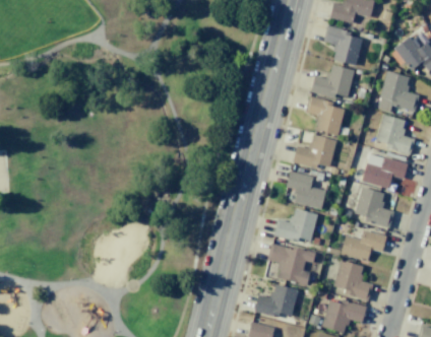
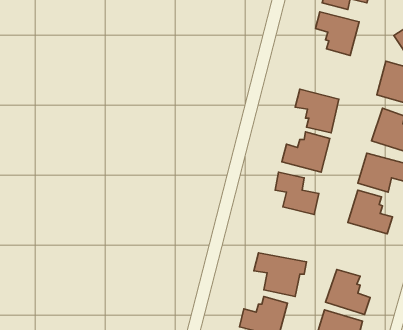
building: [310,65,354,102] -> none
building: [273,208,317,245] -> none
building: [341,229,387,262] -> none

